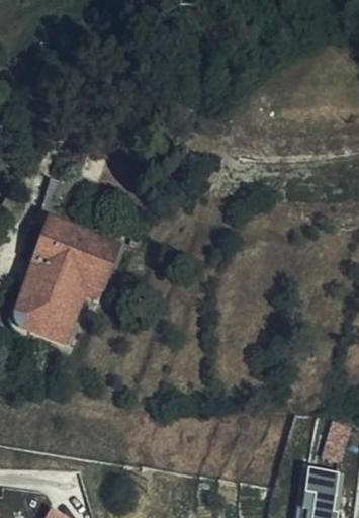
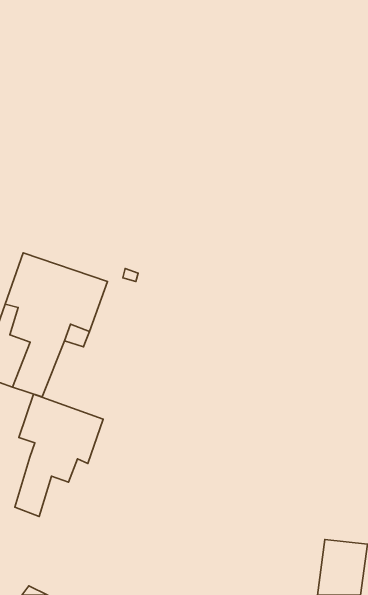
building: none -> [15,394,103,516]

